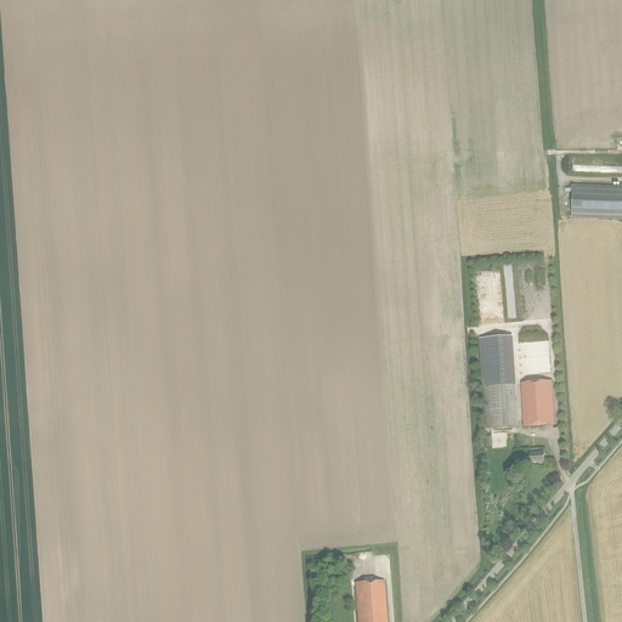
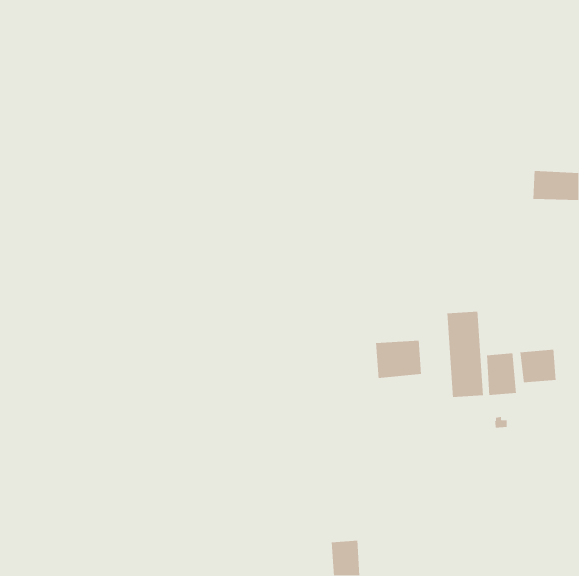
building: none -> [375,340,422,379]
building: none -> [519,349,557,383]

